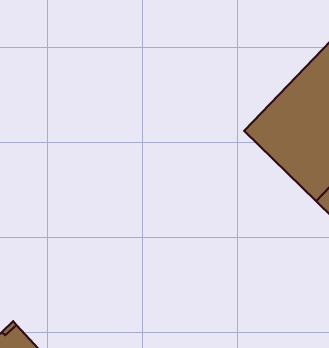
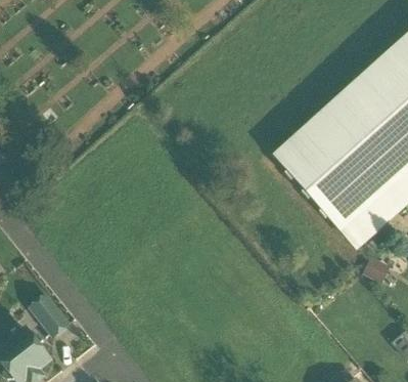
building: none -> [30,295,66,335]

